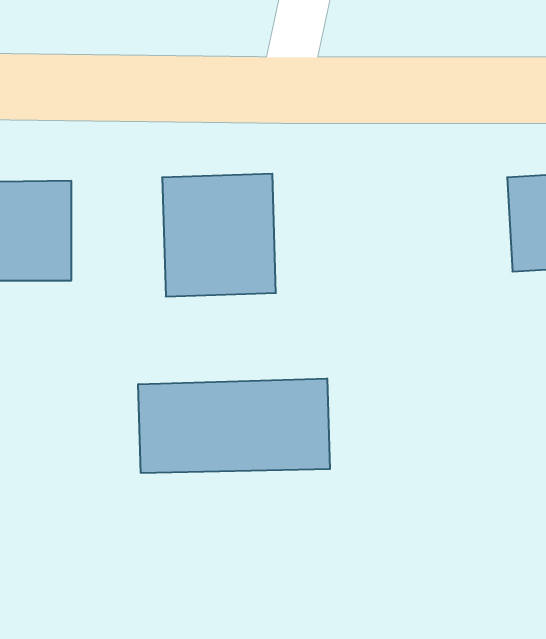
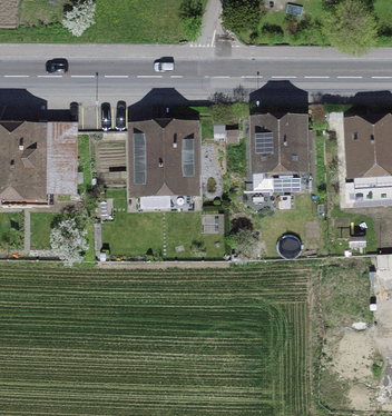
building: none -> [246,120,310,180]
building: [138,378,330,473] -> none

